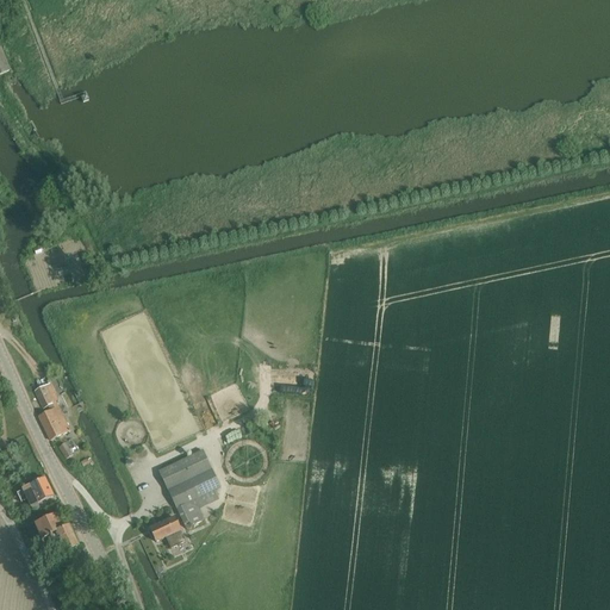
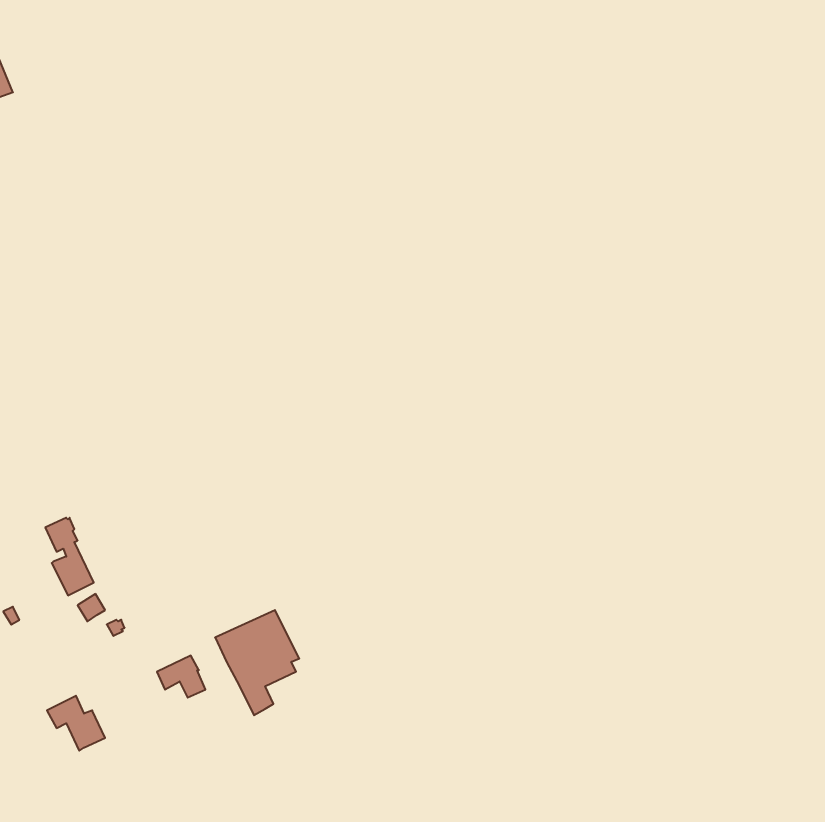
building: [21,477,52,509] -> none
building: [149,515,185,546] -> [157,656,205,698]

